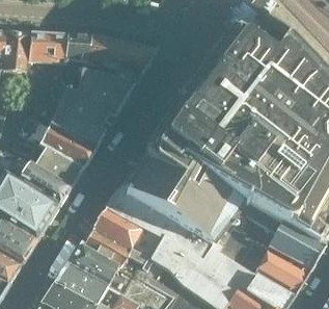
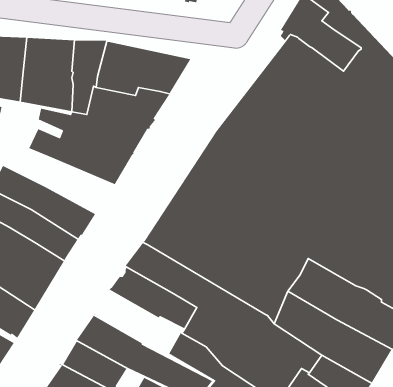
building: [13,117,95,169] -> none
building: [80,227,144,268] -> none

